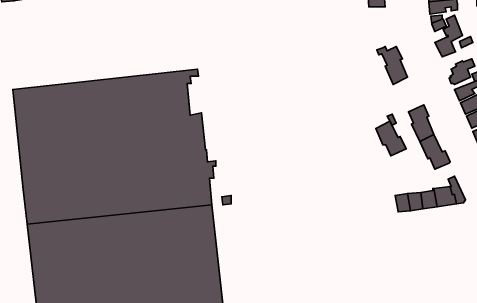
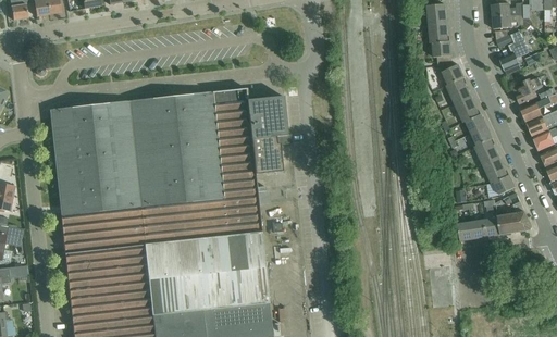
building: none -> [429,21,451,61]
building: none -> [235,95,292,173]
building: [376,121,406,156] -> [455,96,487,133]

